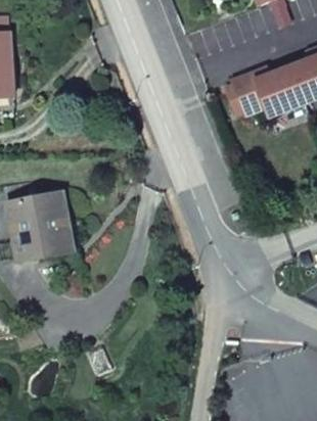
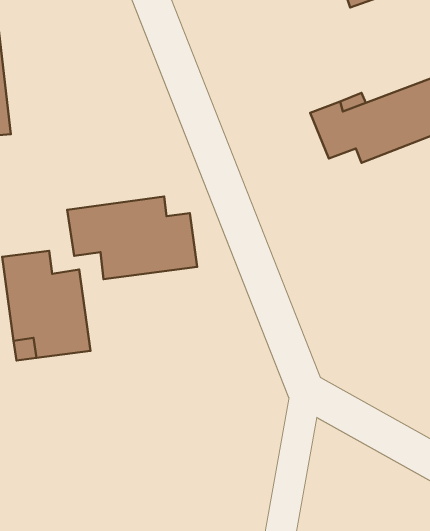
building: none -> [67,197,197,279]

